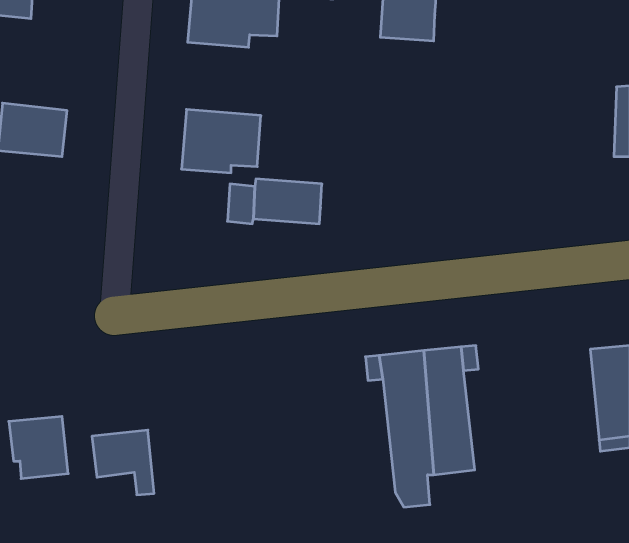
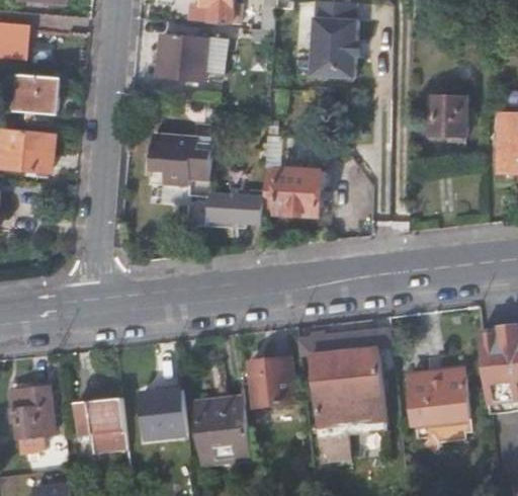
building: none -> [15,75,57,115]
building: none -> [429,95,466,136]
building: none -> [261,165,323,216]
building: none -> [249,354,293,403]
building: none -> [410,366,470,443]
building: none -> [139,388,186,434]
building: none -> [195,396,250,459]

